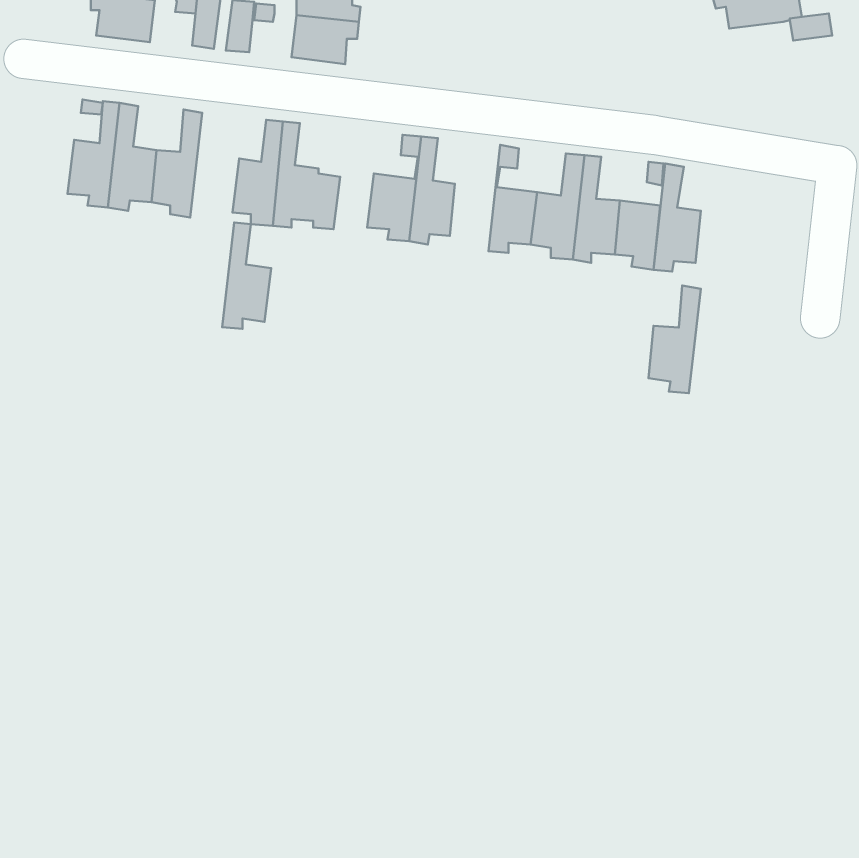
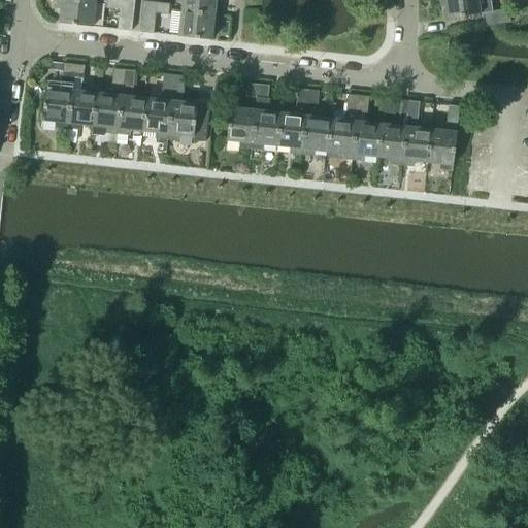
building: none -> [276,88,307,154]
building: [222,223,271,329] -> [118,69,147,134]
building: [649,285,701,393] -> [427,104,459,170]

